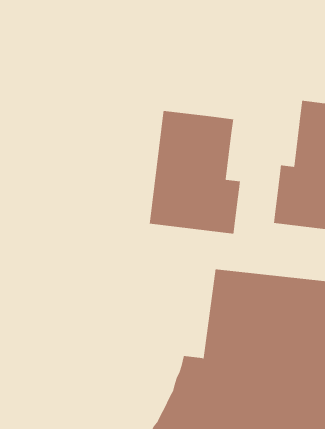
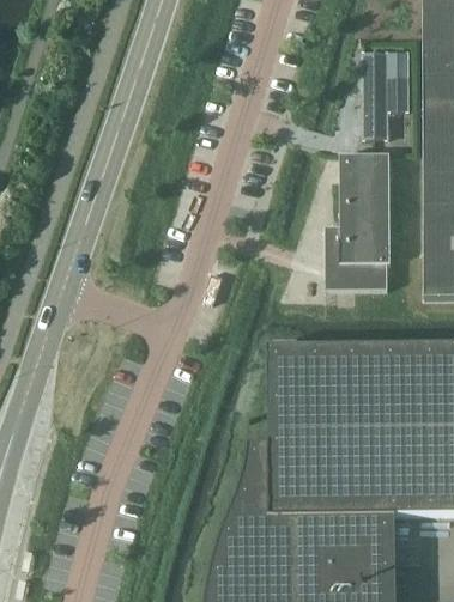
building: [149,110,240,234] -> none

